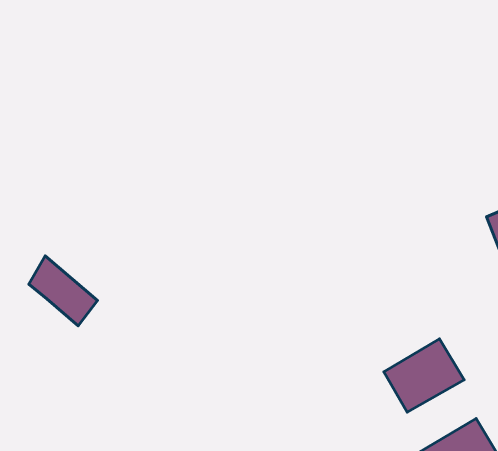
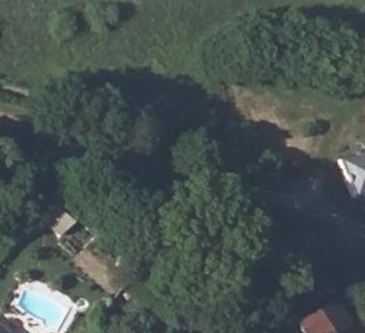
building: [384,339,464,412] -> none

